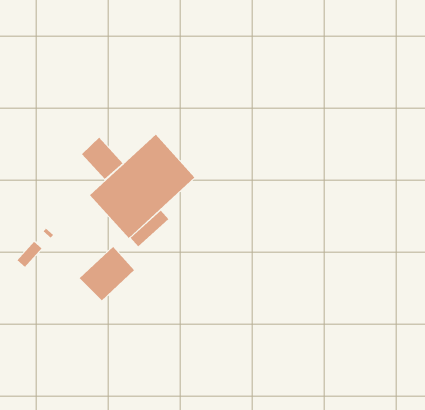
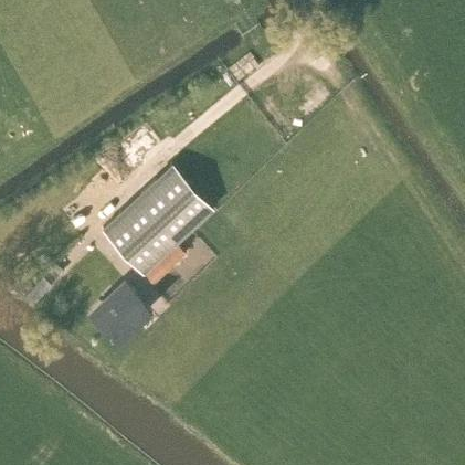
building: [81,137,124,180] -> none

